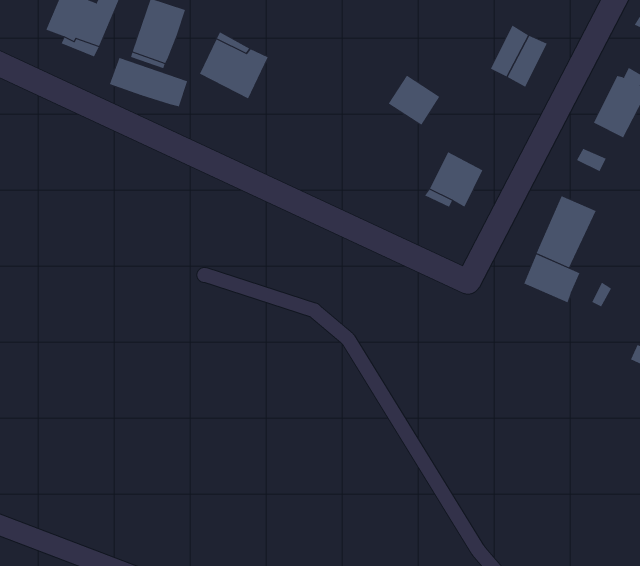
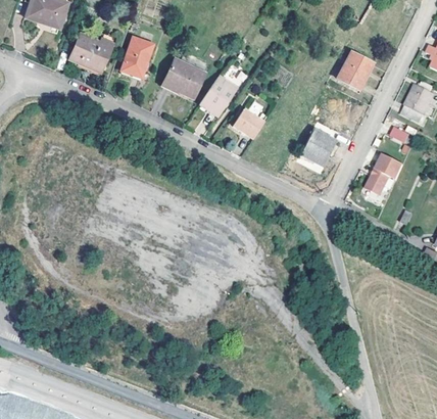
building: [109,57,188,107] -> none
building: none -> [199,76,237,115]
building: [388,75,440,125] -> [233,106,264,137]
building: [524,253,580,303] -> none

